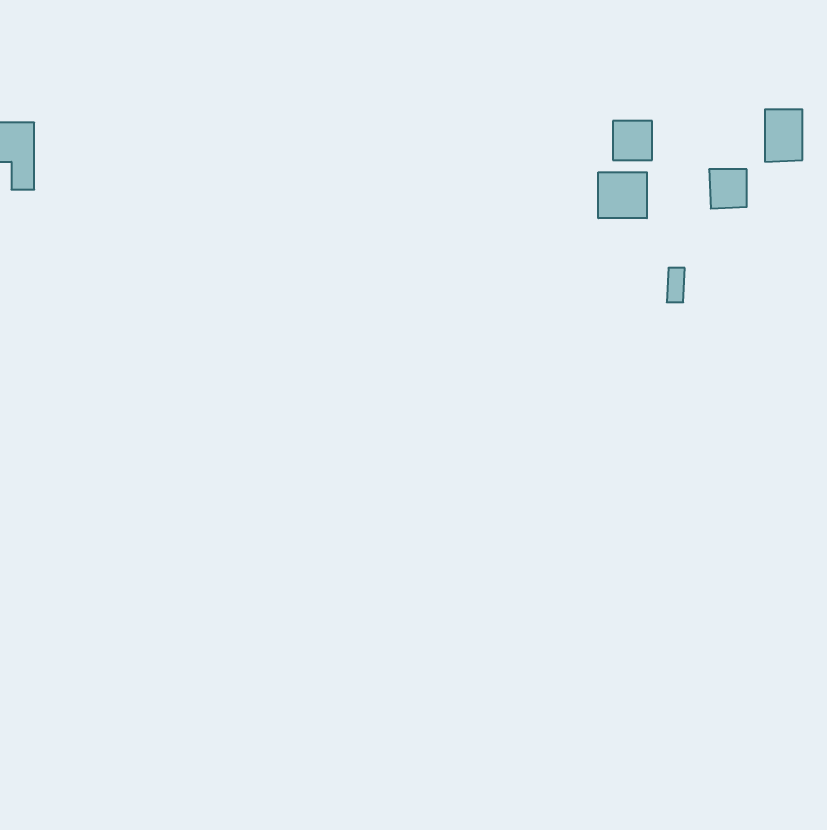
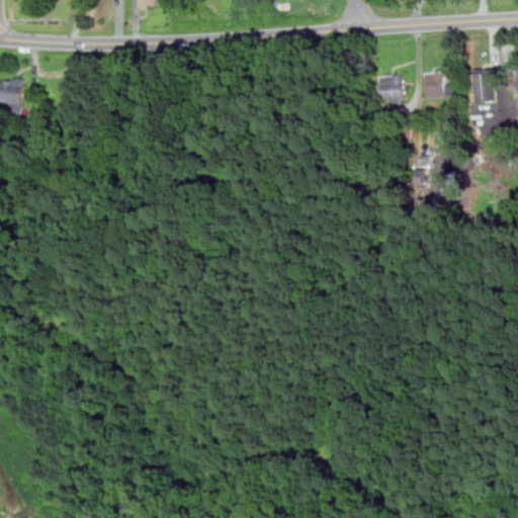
building: [709,169,747,209] -> [424,74,447,98]
building: [598,172,647,218] -> none

